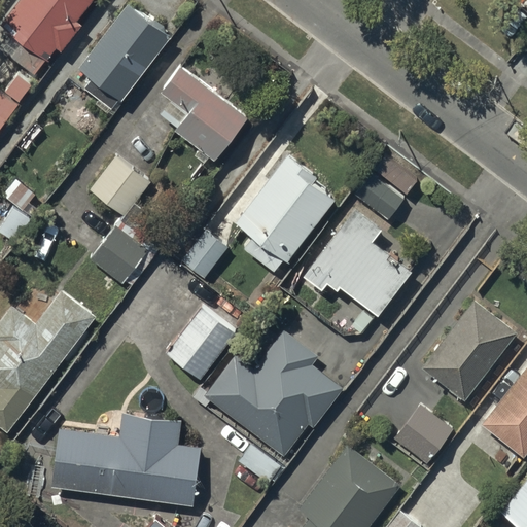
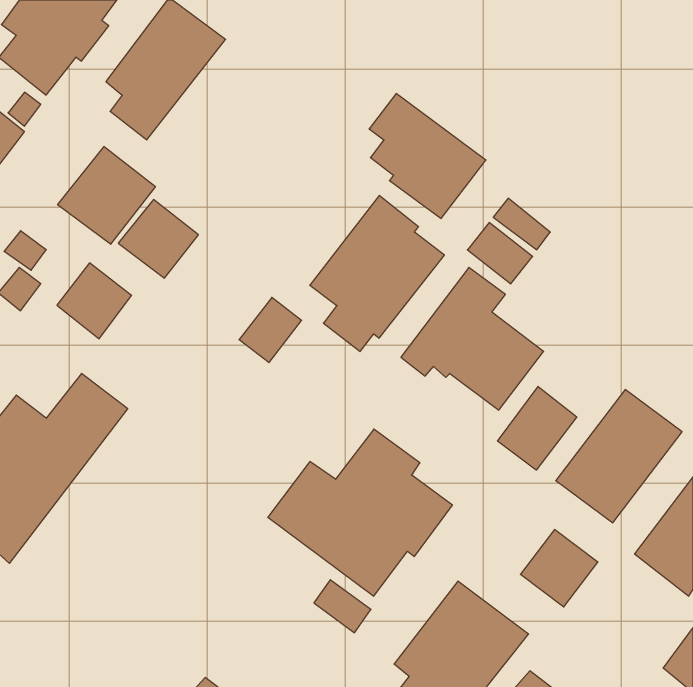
building: [160,66,248,161] -> [369,94,486,219]
building: none -> [58,147,155,244]
building: [91,226,147,284] -> [57,263,132,339]
building: none -> [498,386,577,470]
building: [166,307,236,380] -> none
building: [51,413,202,507] -> none

